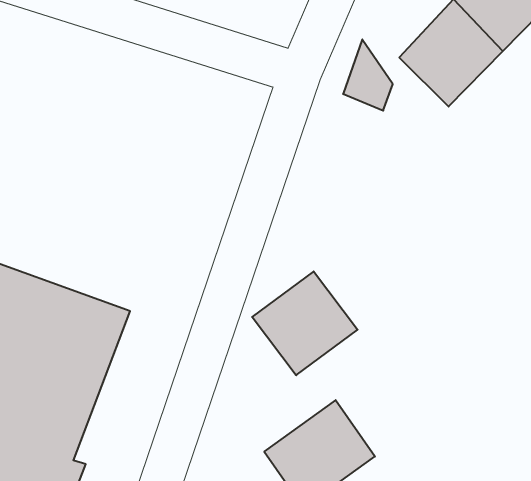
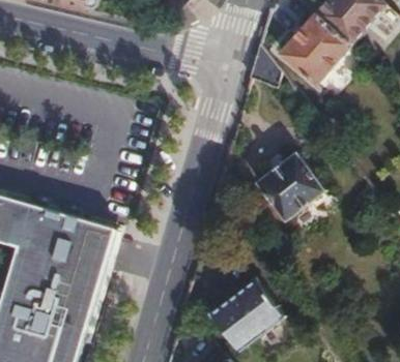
building: [252,271,358,375] -> [255,152,324,220]

